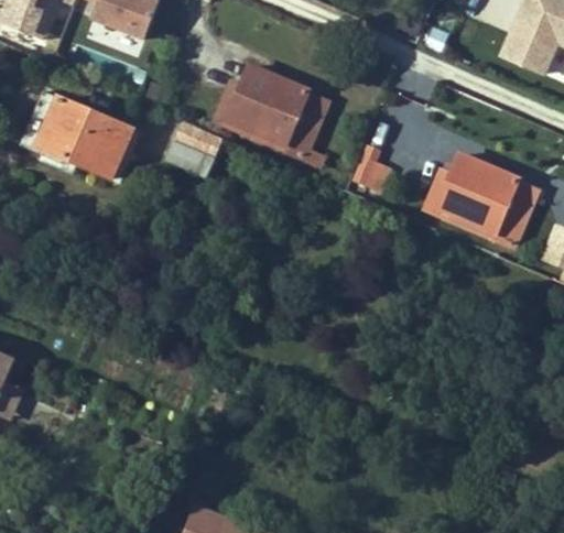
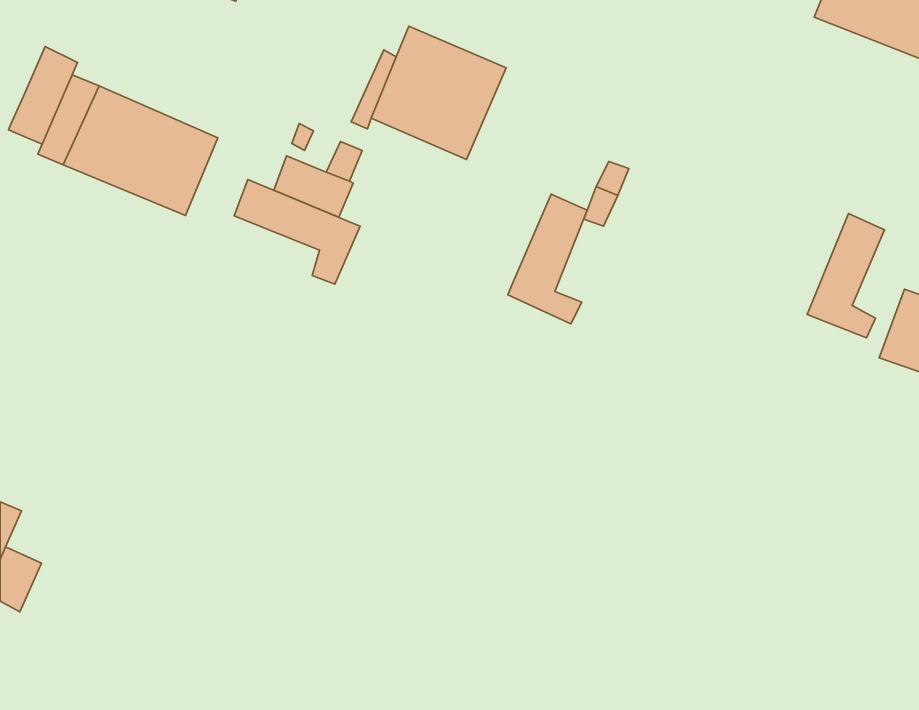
building: none -> [9,47,77,144]
building: [283,88,332,167] -> [508,194,587,324]
building: [426,152,519,233] -> none
building: none -> [234,179,360,284]

